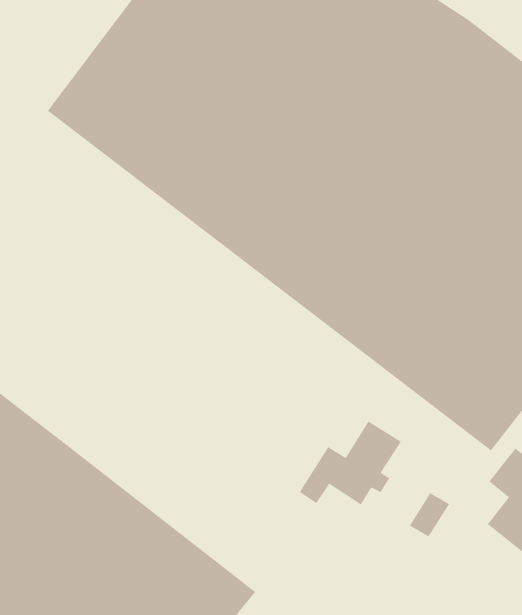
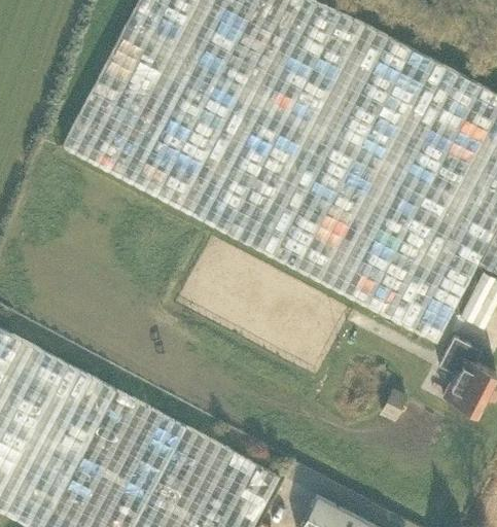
building: [299,420,402,506] -> none

